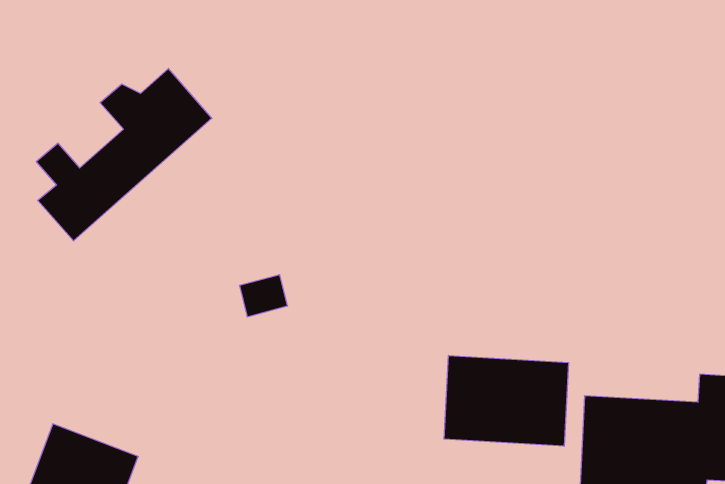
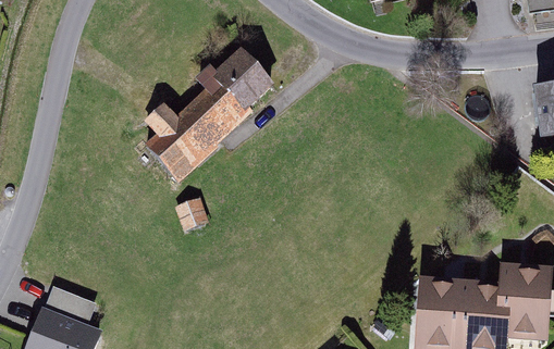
building: [36,68,212,241] -> [153,46,276,166]
building: [444,355,569,446] -> none

